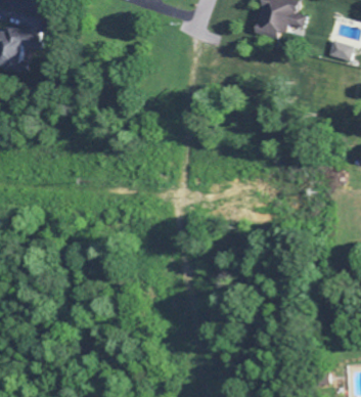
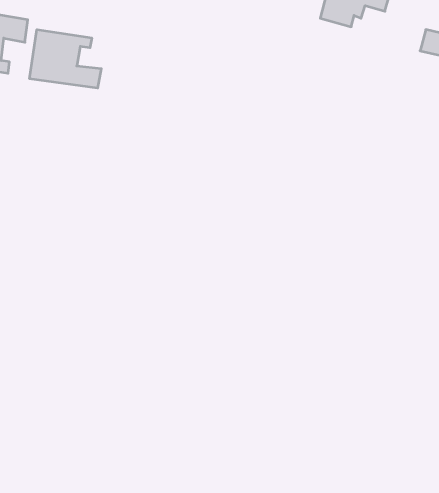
building: none -> [30,30,101,88]

